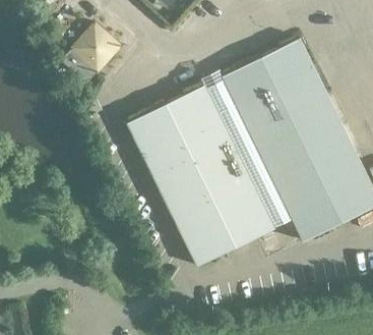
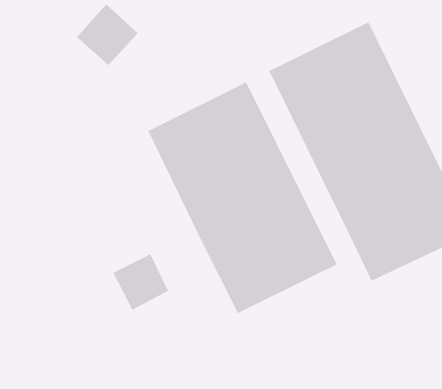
building: none -> [112,254,169,310]

